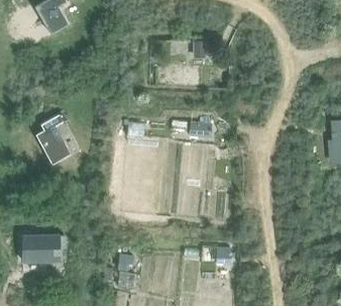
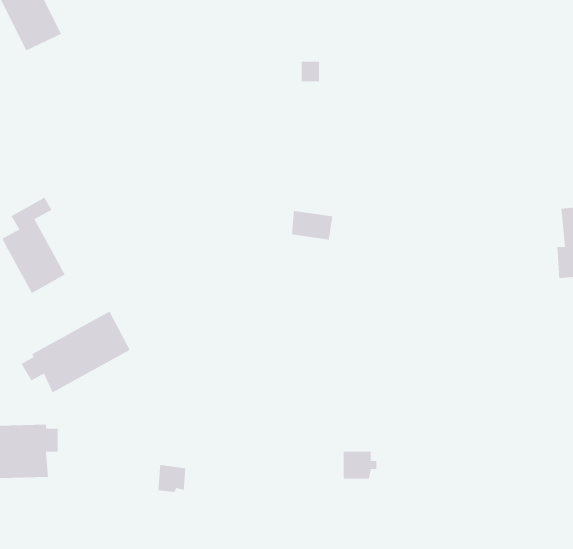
building: none -> [20,310,131,394]

